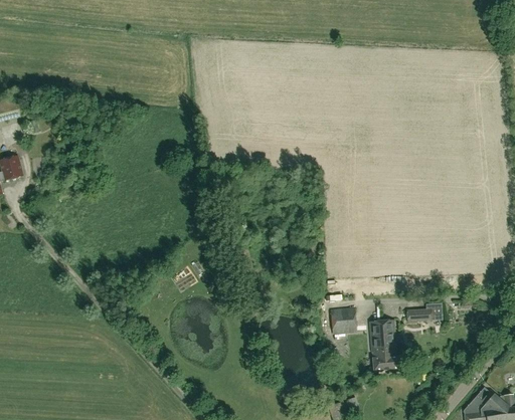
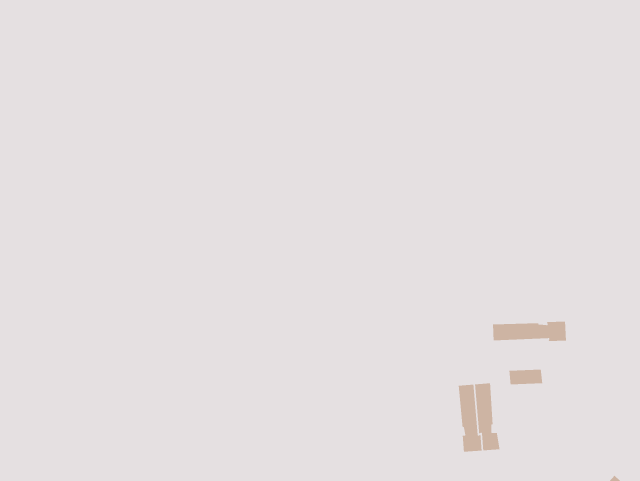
building: none -> [492,321,567,342]
building: [330,306,356,333] -> none

